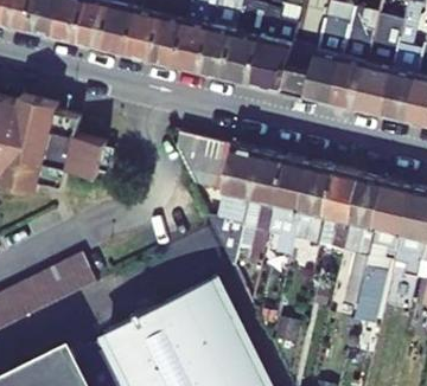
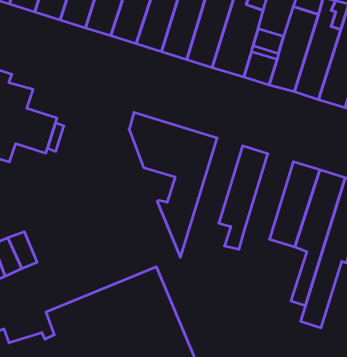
building: [238,150,286,262] -> none
building: [293,162,336,244] -> none

